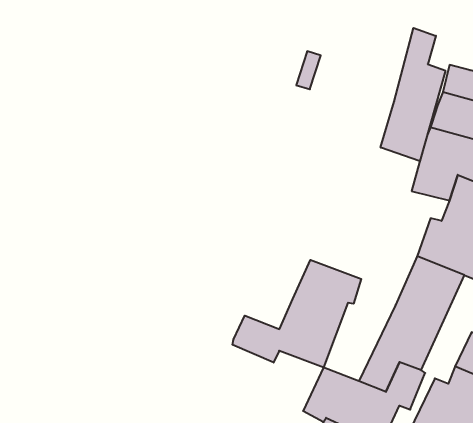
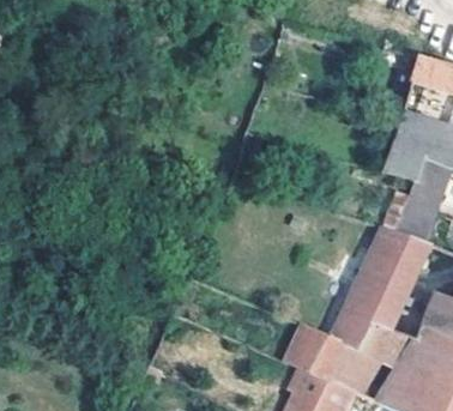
building: [381,28,445,161] -> none
building: [232,260,361,368] -> none

